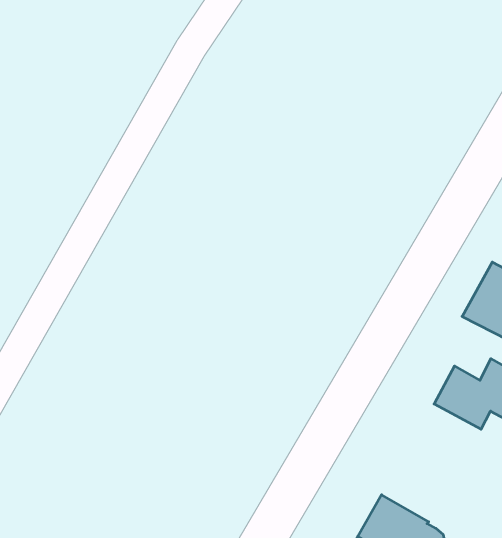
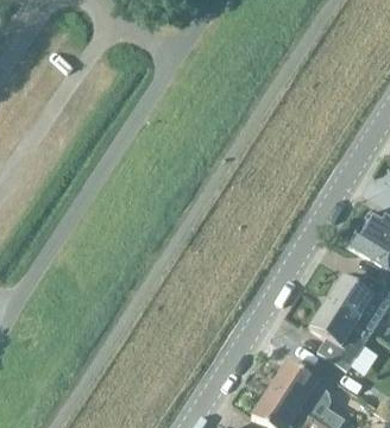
building: none -> [310,303,364,371]

